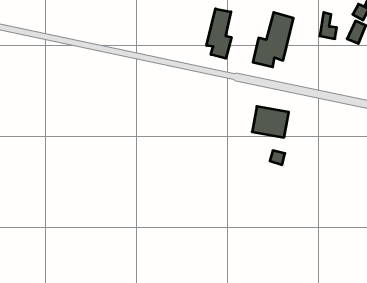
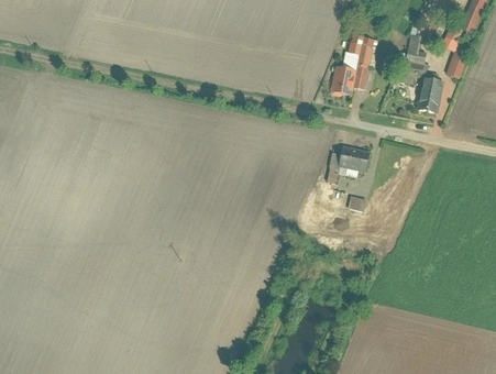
building: [207,9,231,58] -> none
building: none -> [419,78,440,112]

